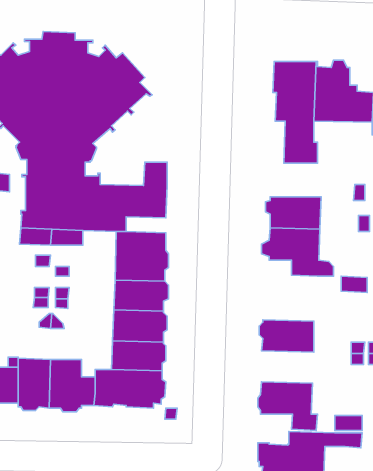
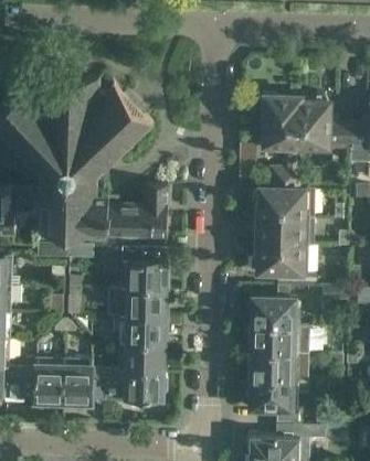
building: none -> [254,186,305,216]
building: none -> [251,286,302,326]
building: none -> [249,353,298,382]

